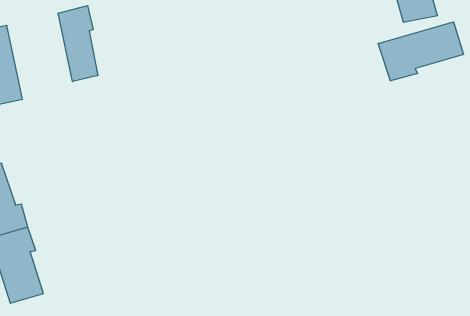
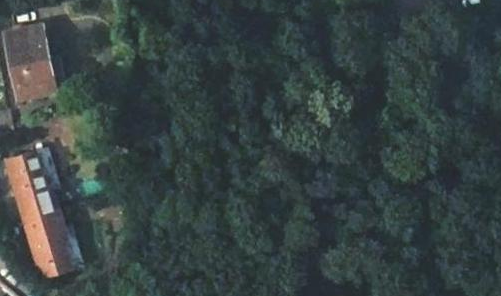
building: [58,6,98,82] -> none
building: [378,22,464,81] -> none

